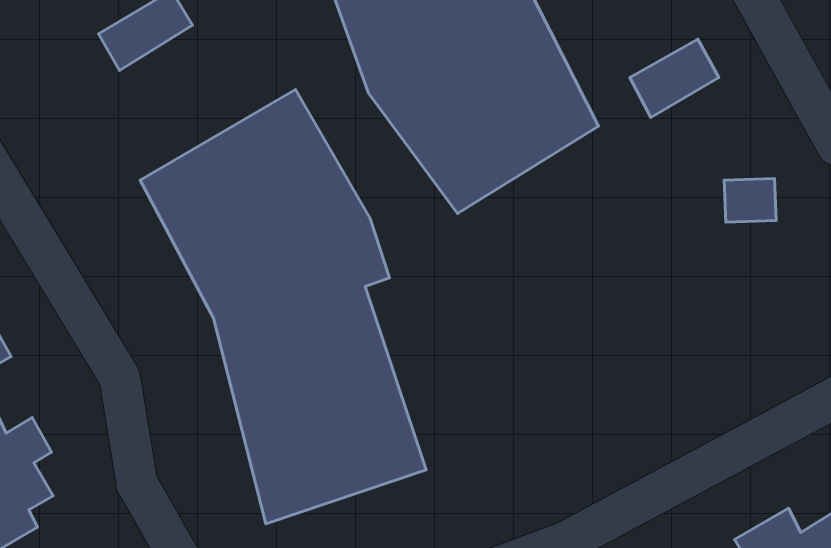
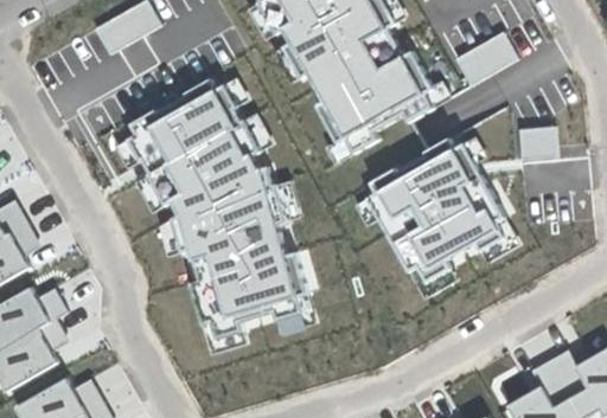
building: none -> [368,140,525,301]

